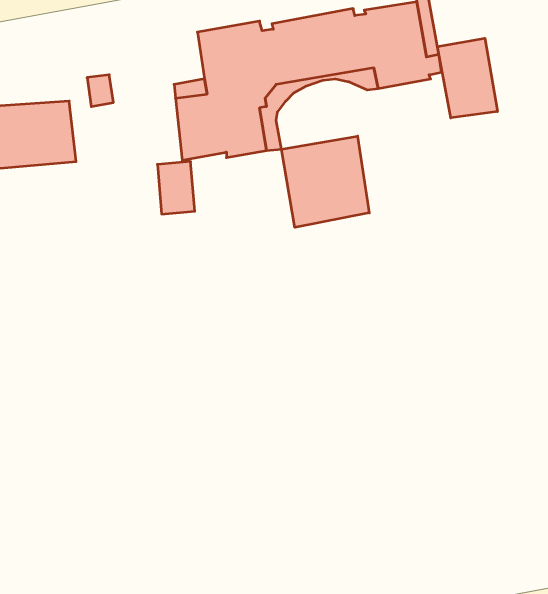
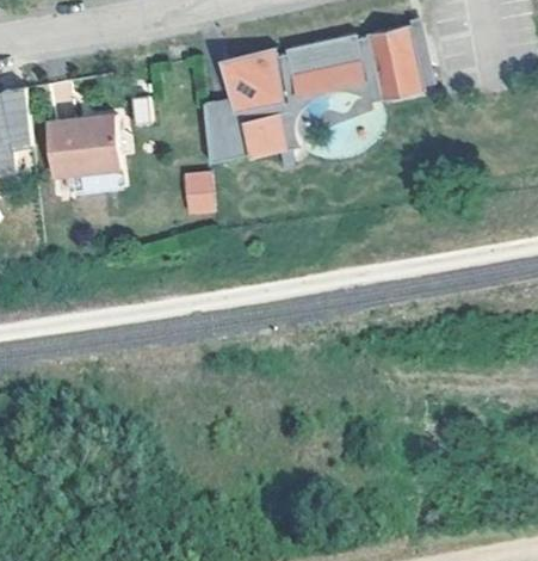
building: [437,38,497,118] -> none
building: [282,136,369,227] -> none

